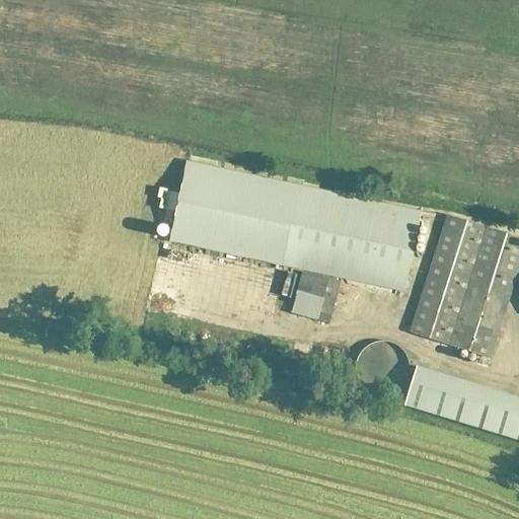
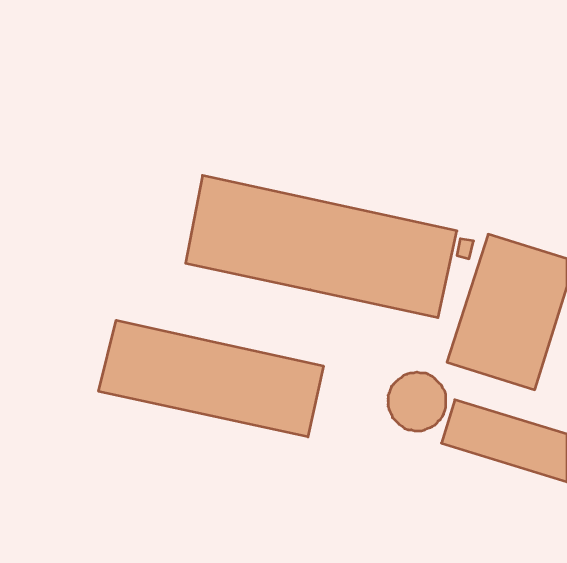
building: [288,271,338,321] -> none
building: none -> [99,320,323,437]

